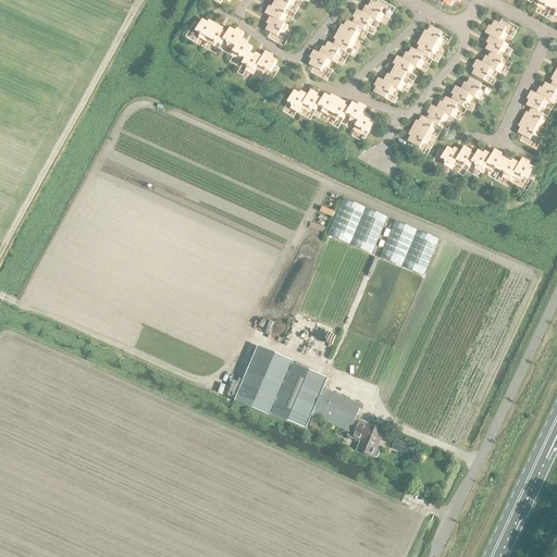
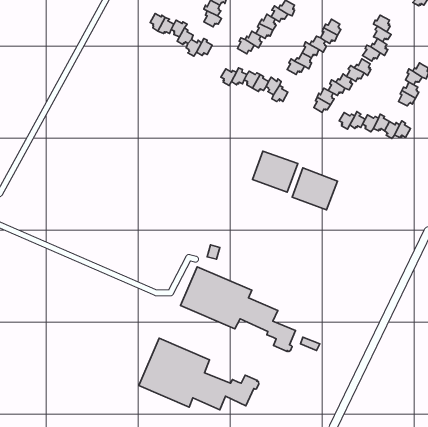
building: none -> [139,338,259,410]

